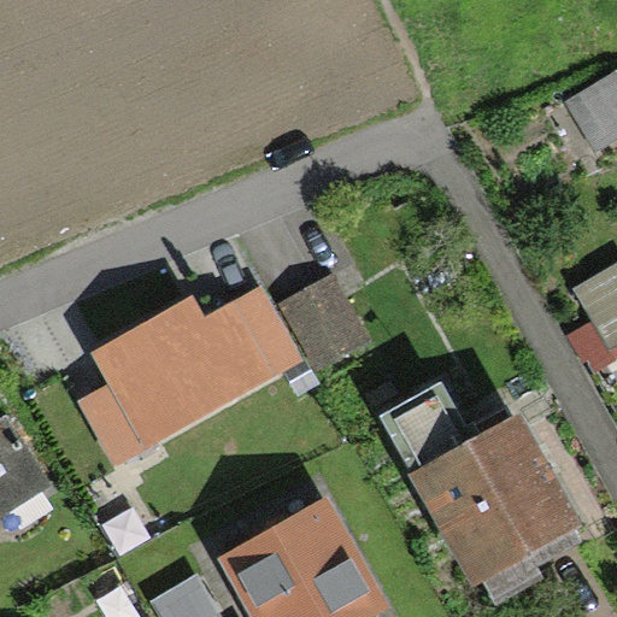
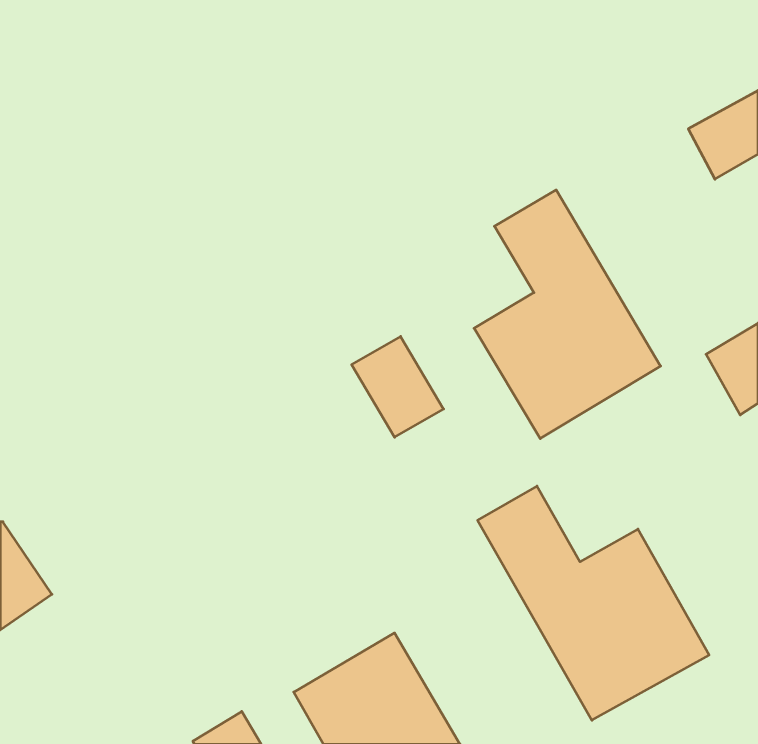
building: none -> [474,190,661,439]
building: [107,313,260,434] -> none

